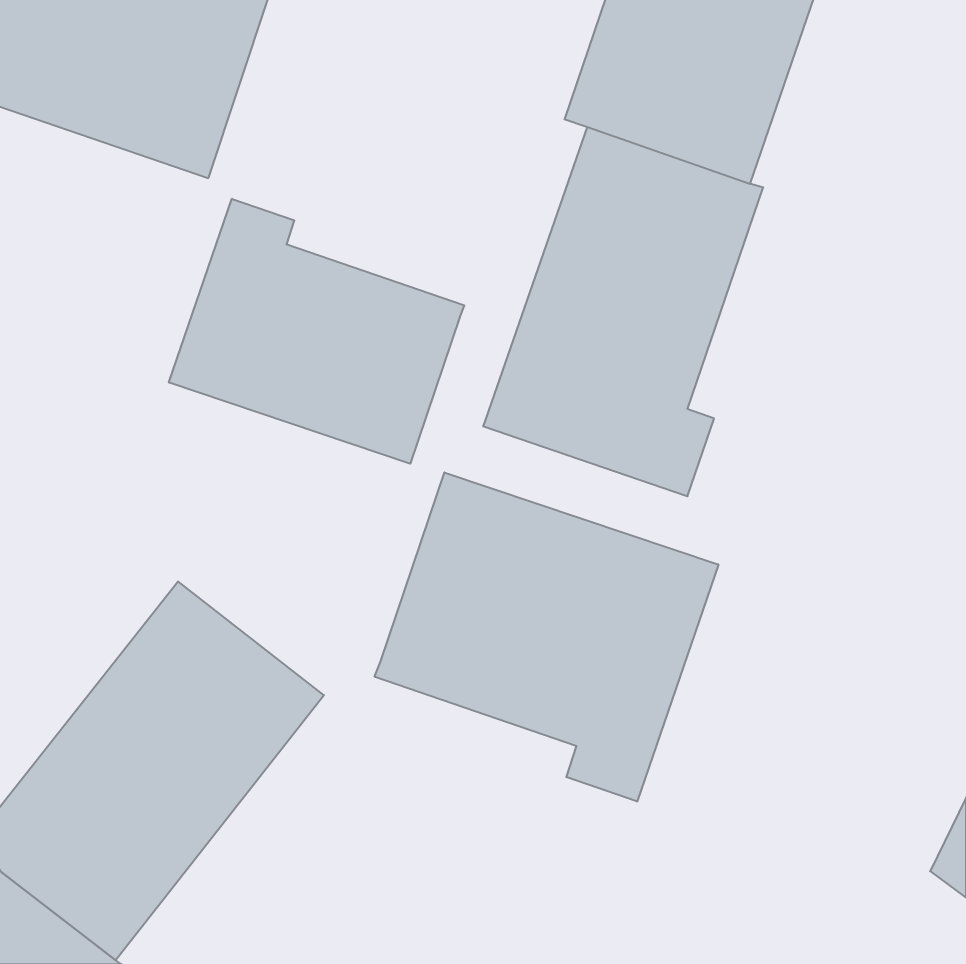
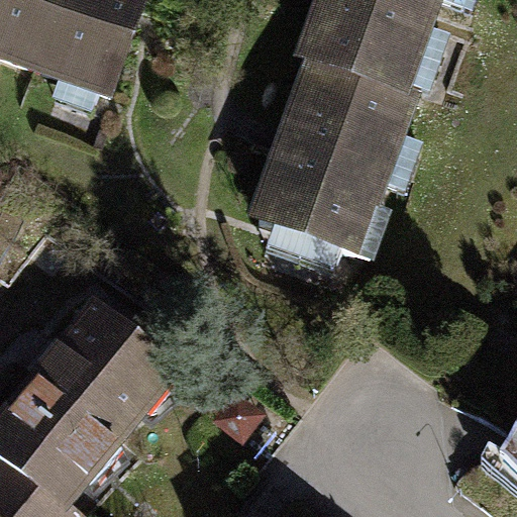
building: [169,199,464,464] -> none
building: [375,472,718,802] -> none

